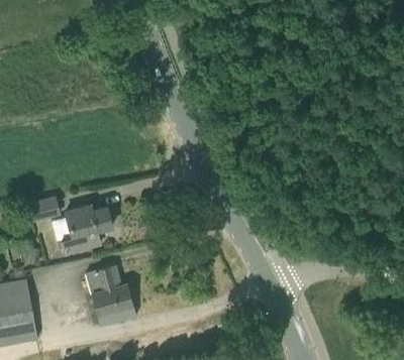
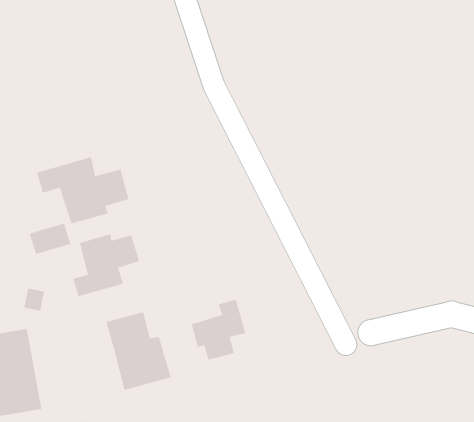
building: none -> [37,157,129,224]
building: none -> [191,299,246,360]

